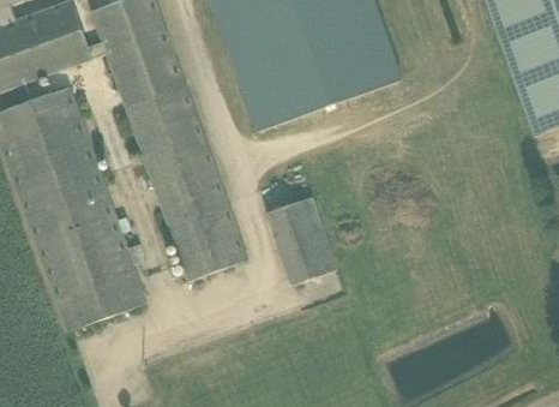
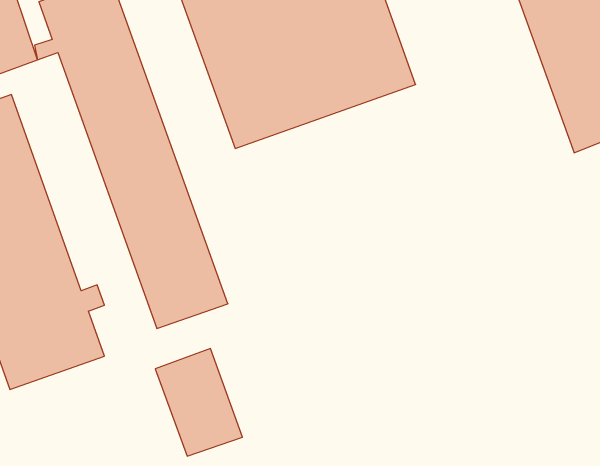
building: [265,194,337,283] -> [155,349,242,456]

